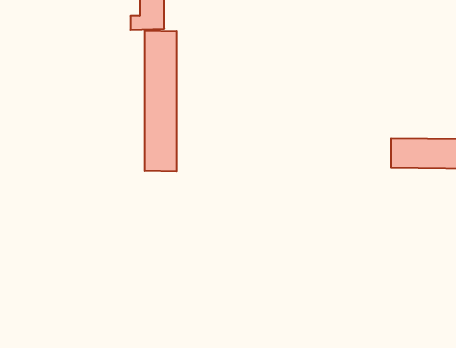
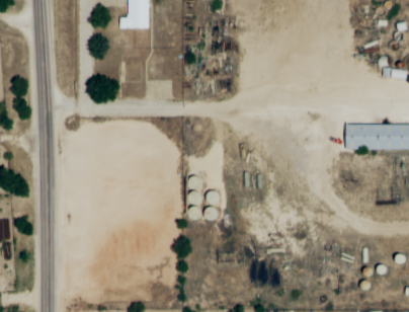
building: [145,31,177,171] -> none

